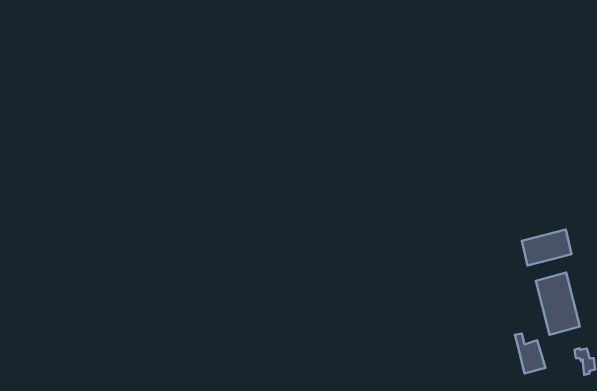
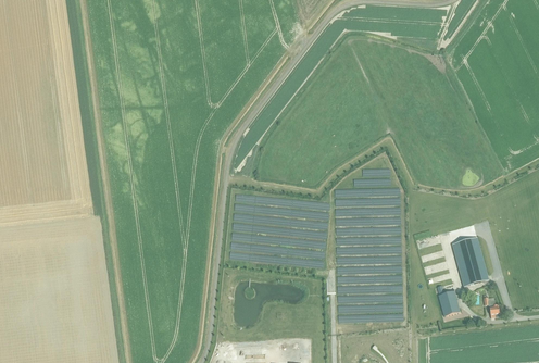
building: [522,230,572,266] -> none

